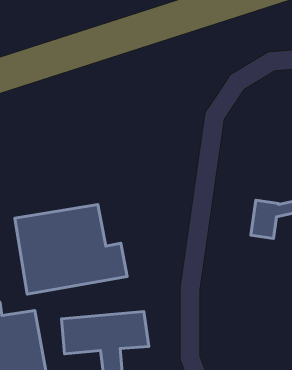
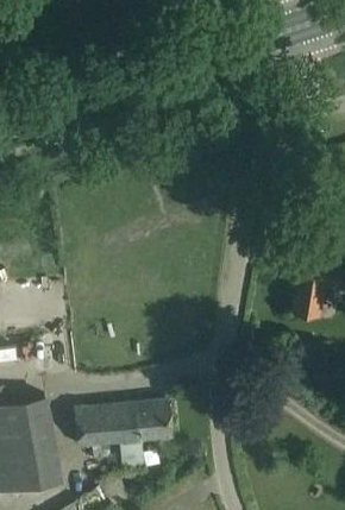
building: [15,205,127,294] -> none

